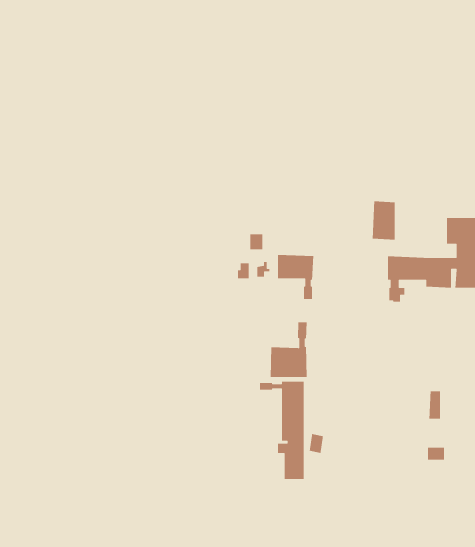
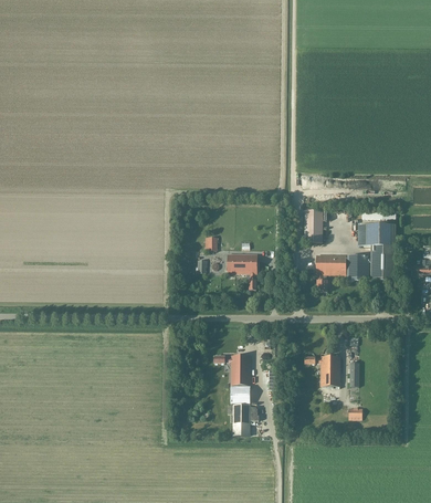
building: [270,321,307,378] -> none
building: none -> [304,355,340,385]

